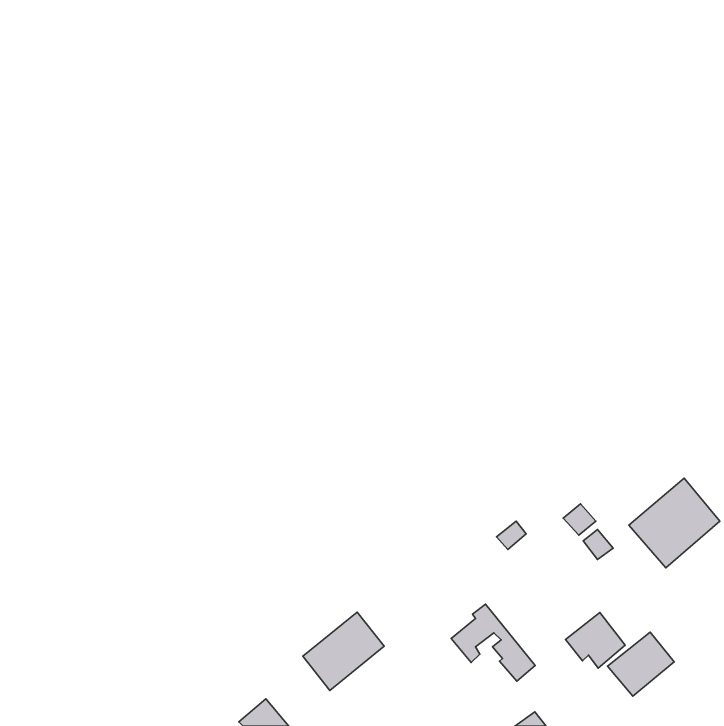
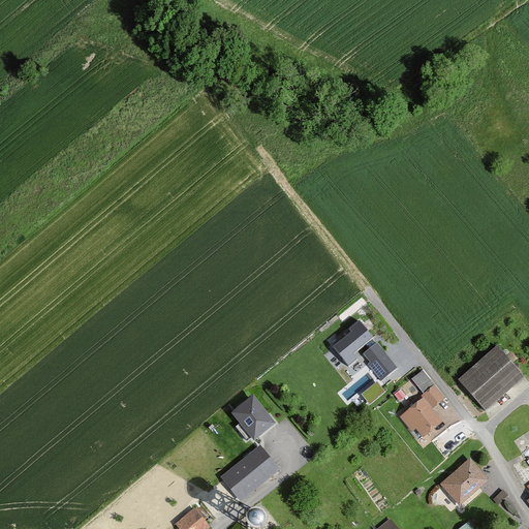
building: none -> [231,395,276,441]
building: [451,604,535,681] -> [333,323,394,379]
building: [566,613,625,668] -> [399,397,442,437]

